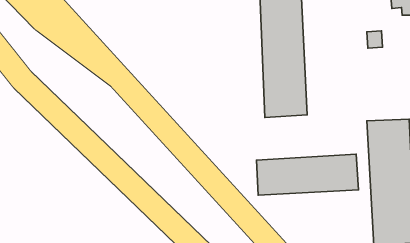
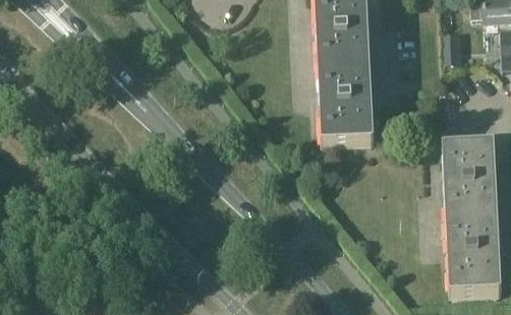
building: [256,154,359,195] -> none

